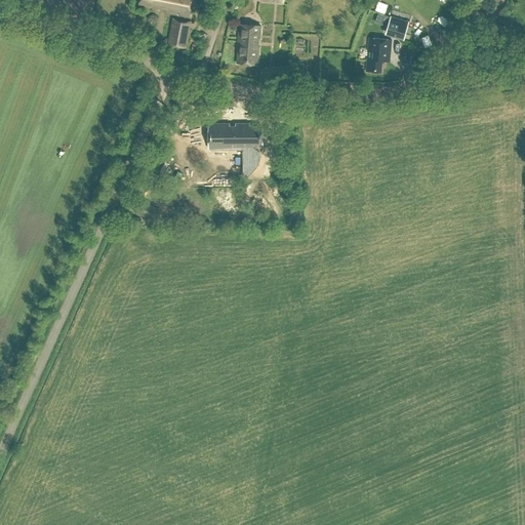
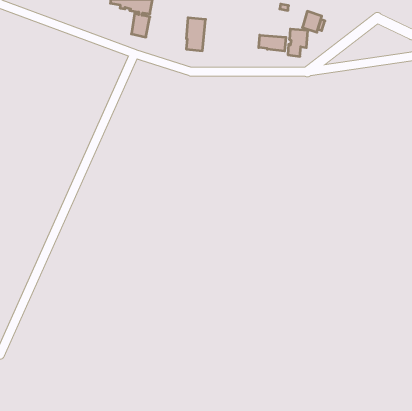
building: none -> [259,35,286,51]
building: [209,123,262,166] -> none

